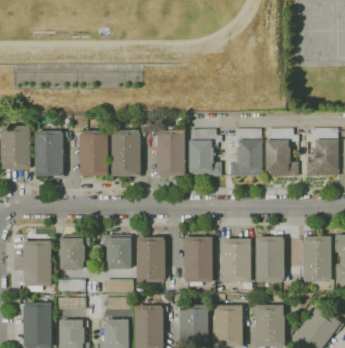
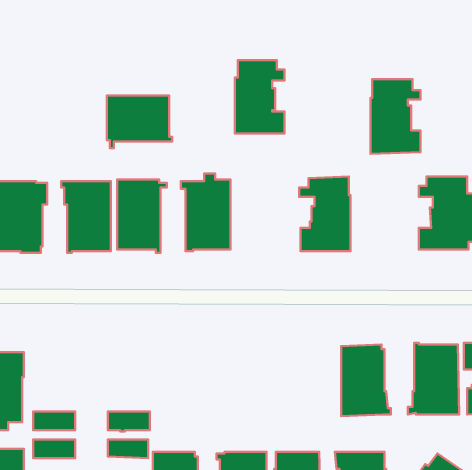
building: none -> [107,95,172,148]
building: [265,128,297,176] -> [371,79,420,154]
building: [188,129,220,176] -> [235,60,284,133]
building: [59,235,88,269] -> none
building: [101,235,130,269] -> none
building: [179,236,212,286] -> none
building: [136,237,168,282] -> none
building: [220,238,250,282] -> none

